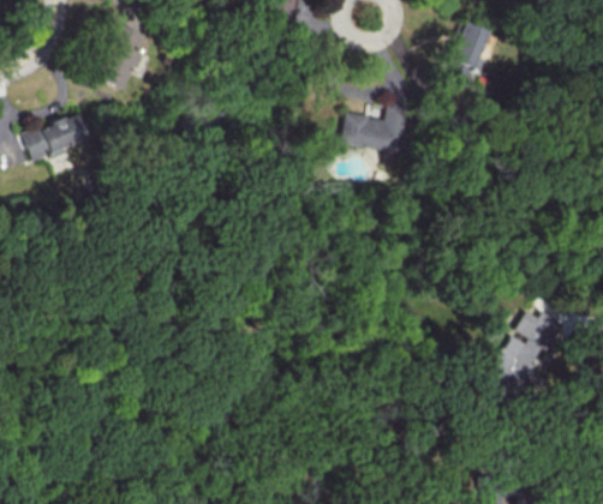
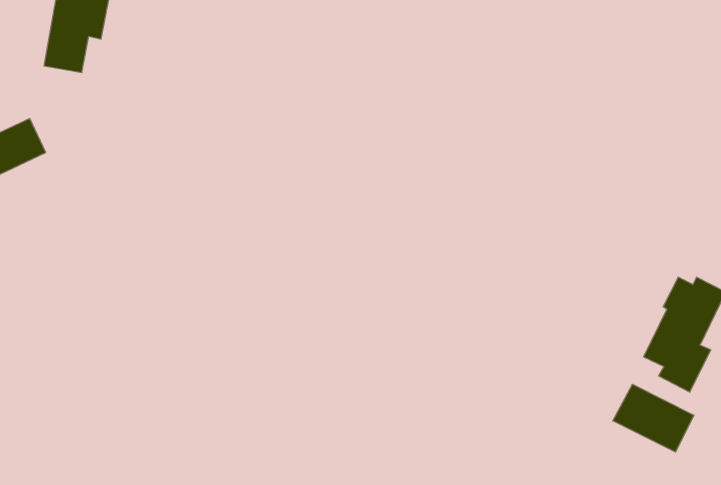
building: [344,106,406,150] -> none
building: none -> [613,384,694,452]

